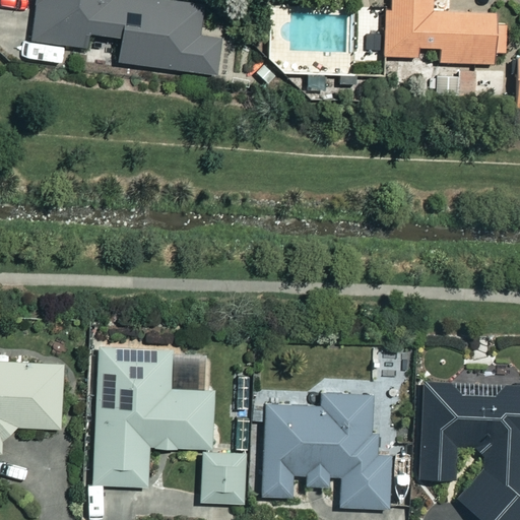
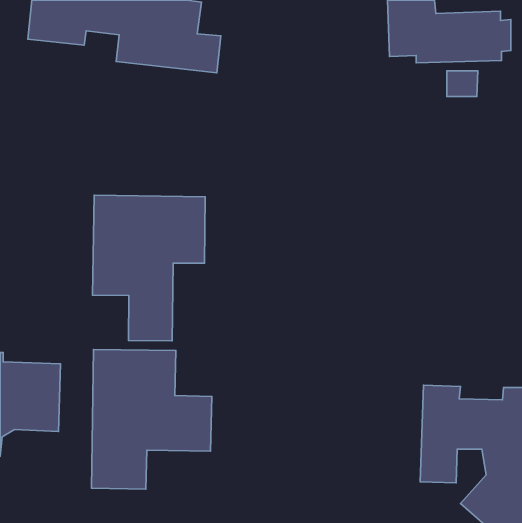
building: none -> [93,195,205,341]
building: [261,392,392,509] -> none
building: [200,452,246,504] -> none

